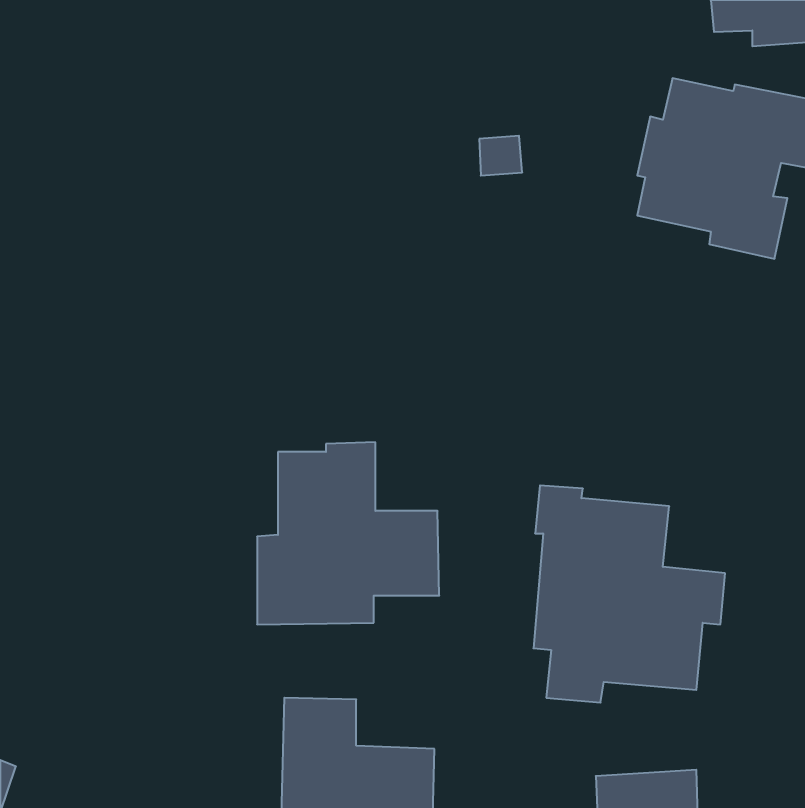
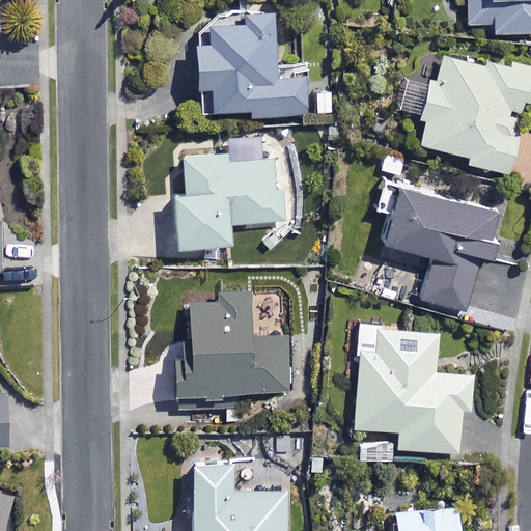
building: none -> [191,9,308,118]
building: none -> [171,155,285,244]
building: none -> [376,185,496,312]

